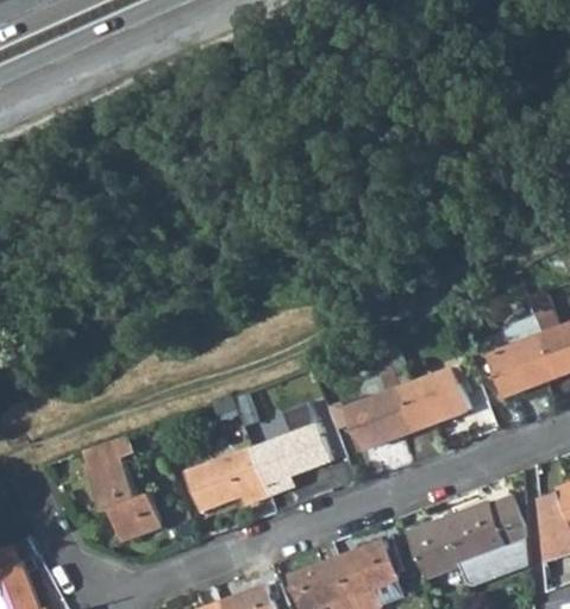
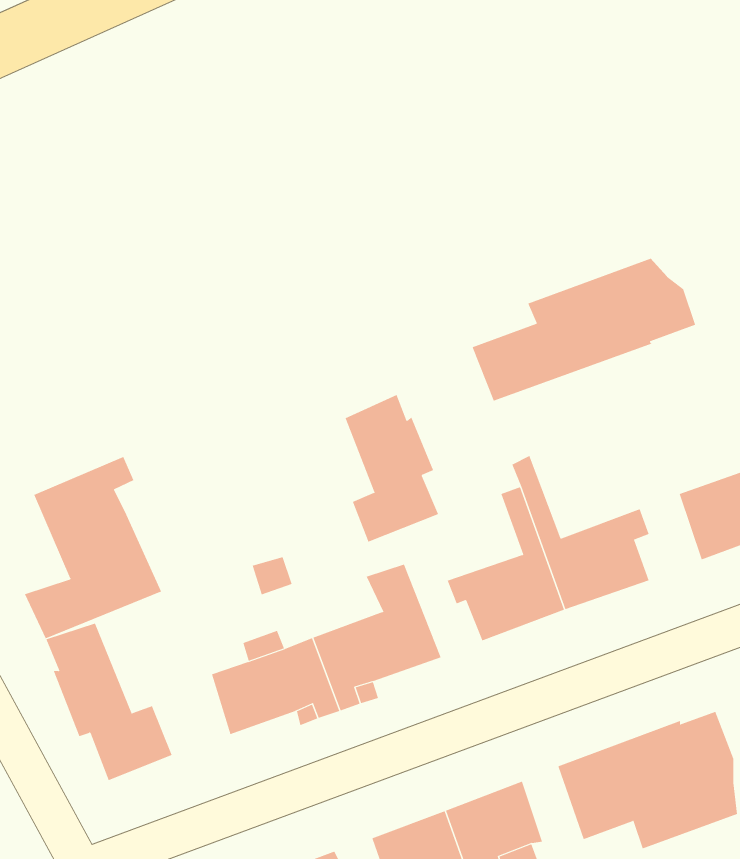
building: none -> [472,258,696,402]
building: none -> [345,394,439,542]
building: none -> [24,456,162,639]

